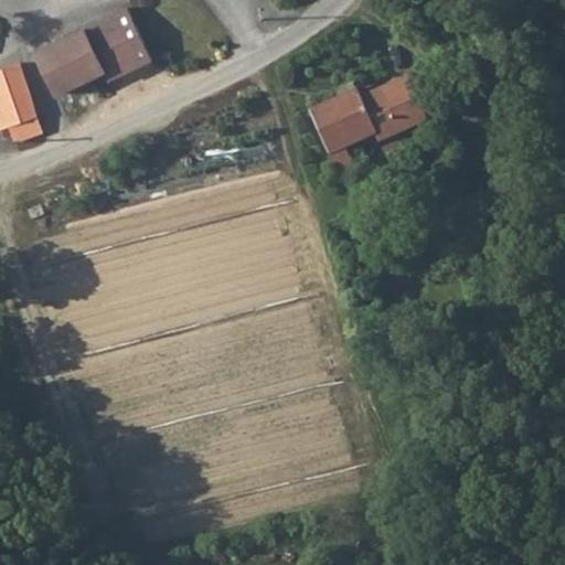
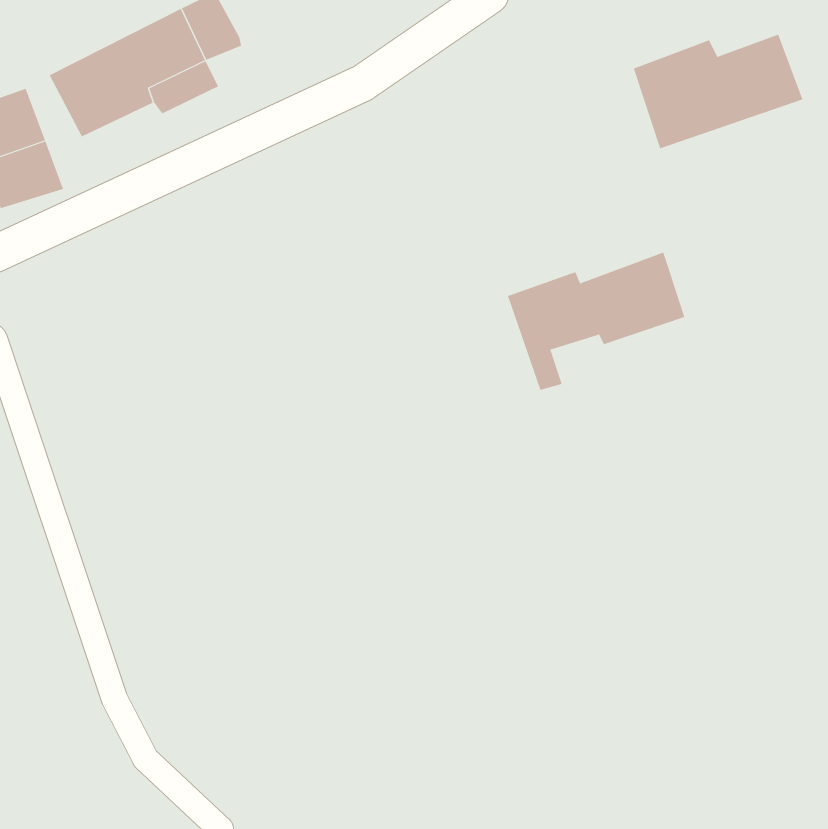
building: none -> [633,34,803,149]
building: [305,83,425,177] -> [507,252,685,391]

